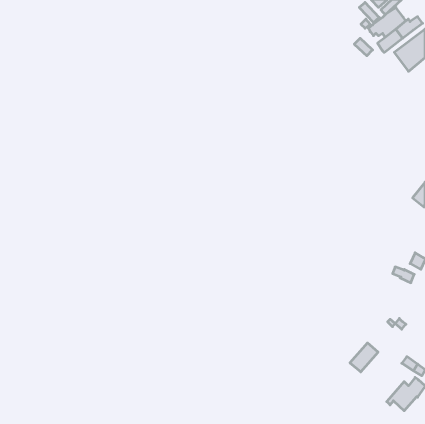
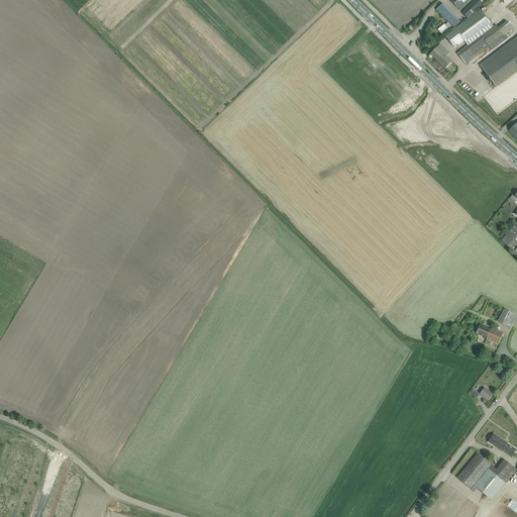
building: [350,343,378,372] -> [456,452,491,488]

